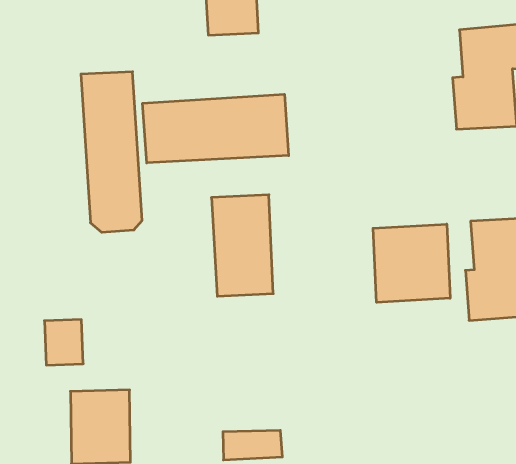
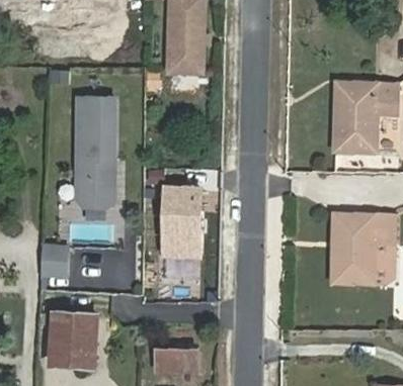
building: [143,94,289,163] -> none
building: [373,224,450,302] -> none

